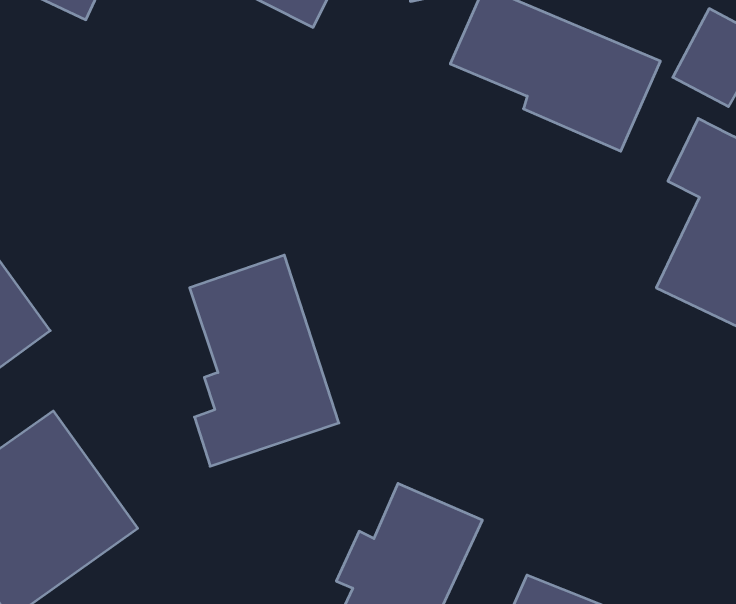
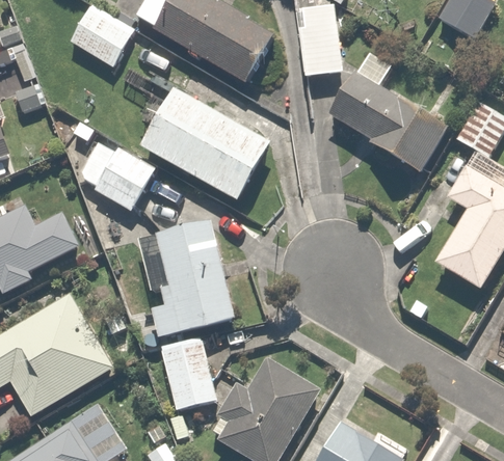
building: none -> [137,86,266,199]
building: none -> [92,147,154,211]
building: none -> [158,335,219,412]

